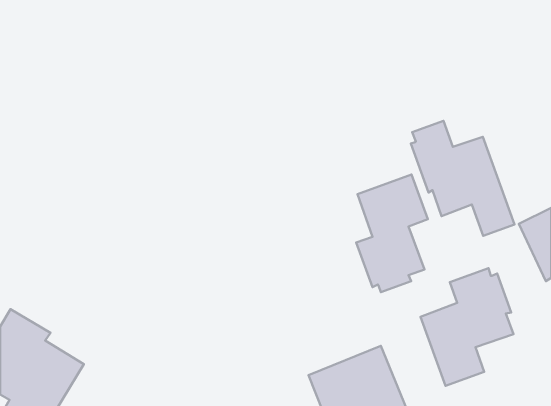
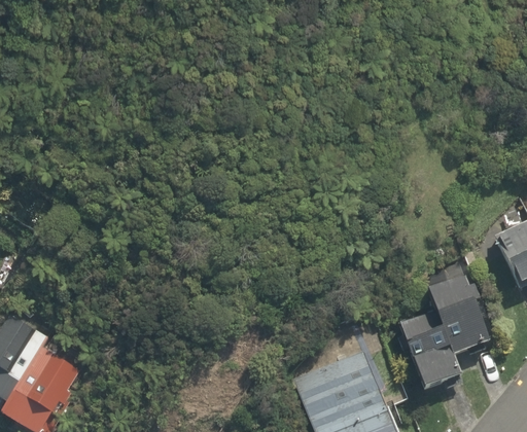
building: [411,121,515,236] -> none
building: [356,174,428,292] -> none

